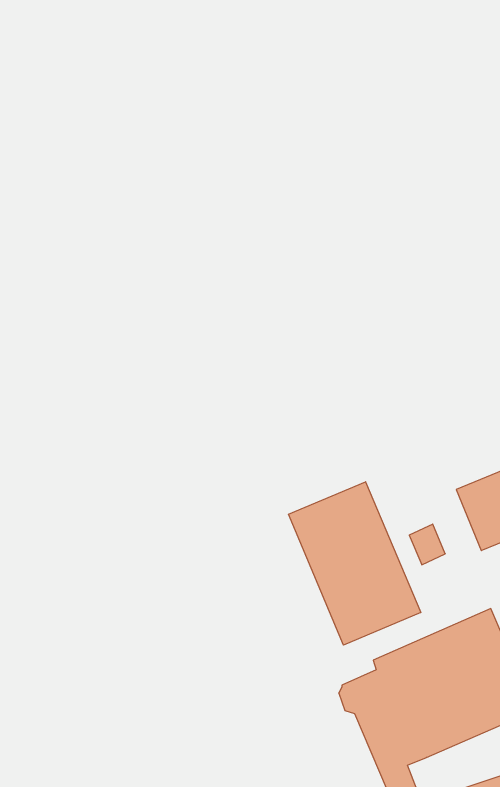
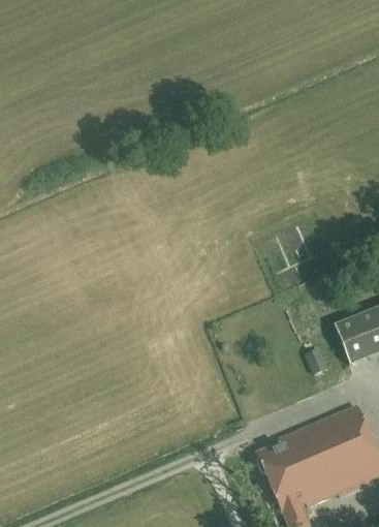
building: [289,482,421,645] -> none

